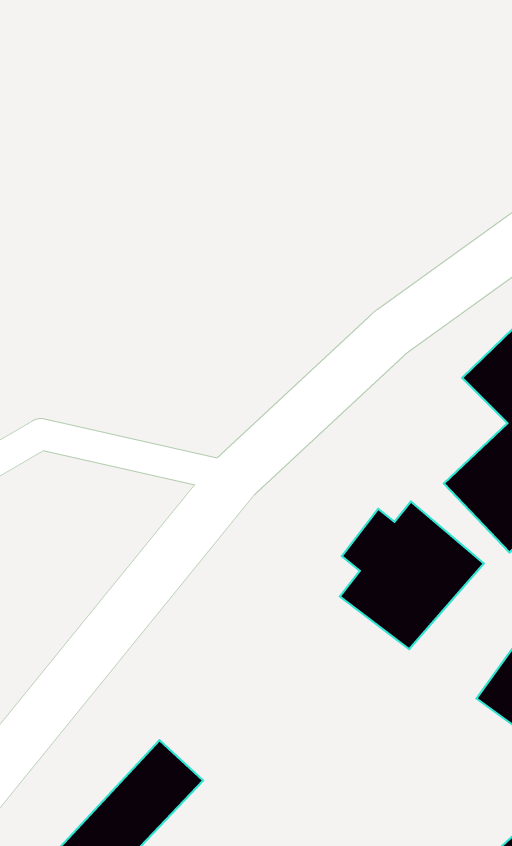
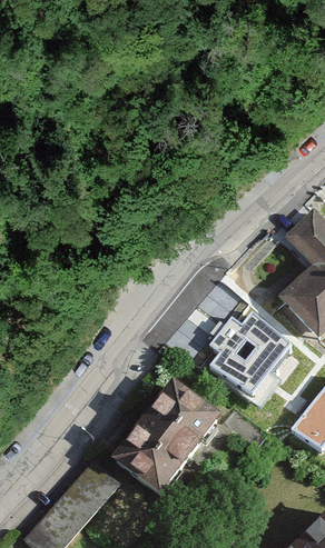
building: none -> [108,382,215,495]

